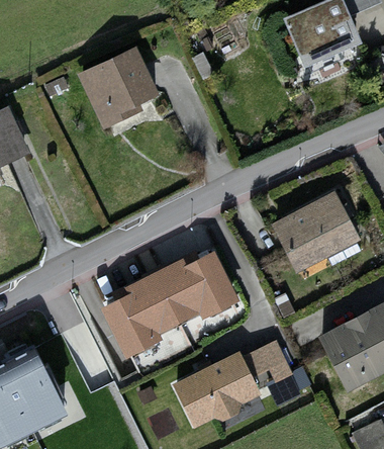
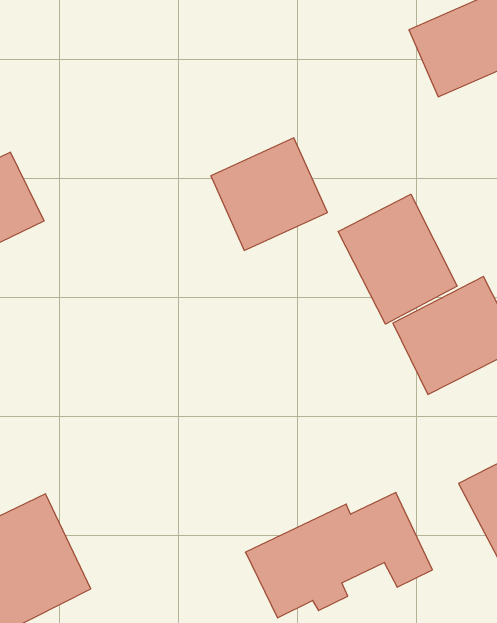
building: [80,51,161,128] -> [211,138,327,250]
building: none -> [338,194,457,324]
building: [102,253,242,359] -> none

